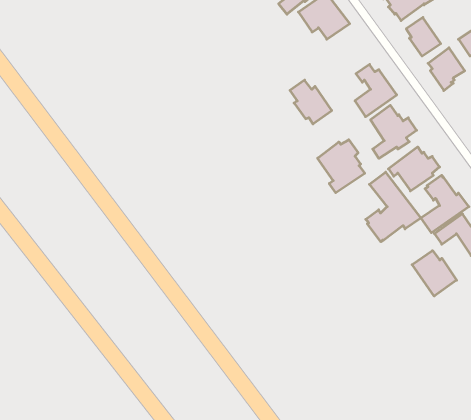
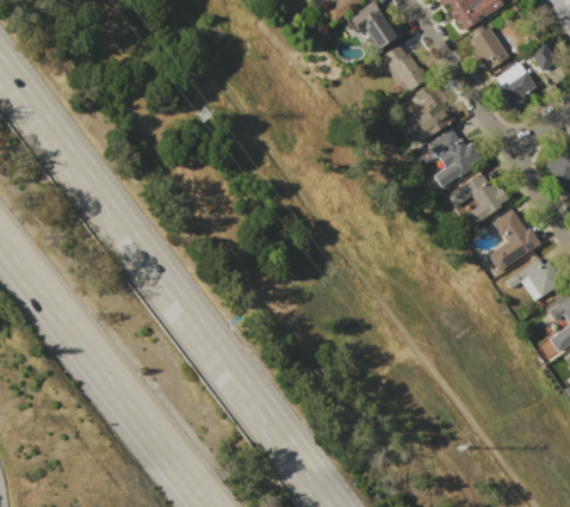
building: [290,80,332,124] -> [380,43,428,93]
building: [318,140,365,193] -> none
building: [366,172,421,242] -> none
building: [412,251,457,296] -> none

